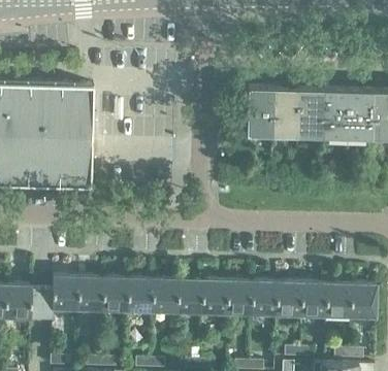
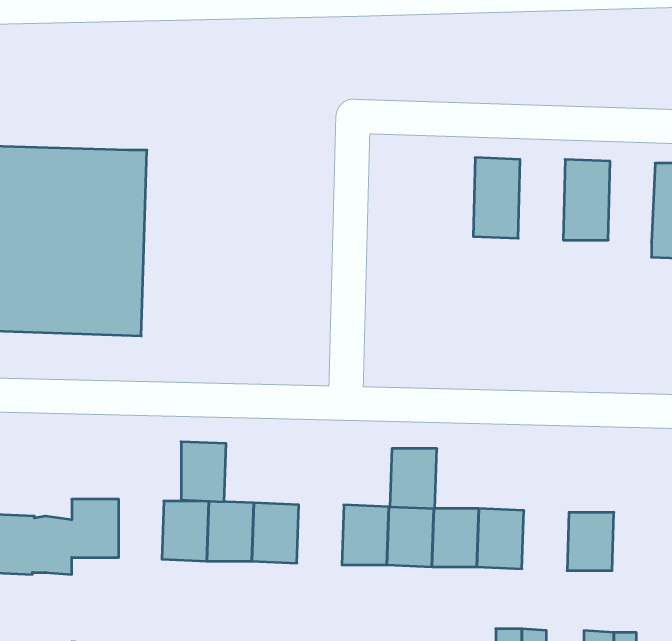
building: [247,90,273,134] -> none
building: [297,92,323,136] -> none
building: [347,93,373,137] -> none
building: [77,278,102,311] -> [181,442,226,502]
building: [175,281,201,314] -> [390,449,437,509]
building: [299,284,325,317] -> none
building: [349,285,376,318] -> none

